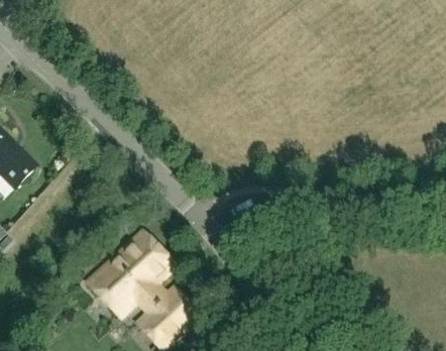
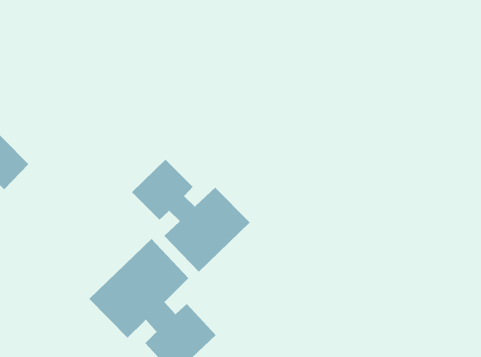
building: none -> [131,159,250,272]

